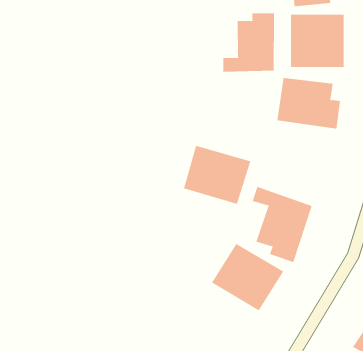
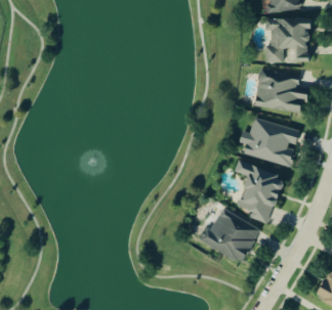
building: [223,12,275,72] -> none
building: [183,145,251,204] -> [244,118,300,167]

